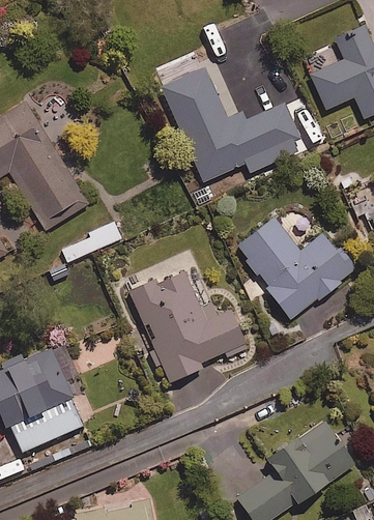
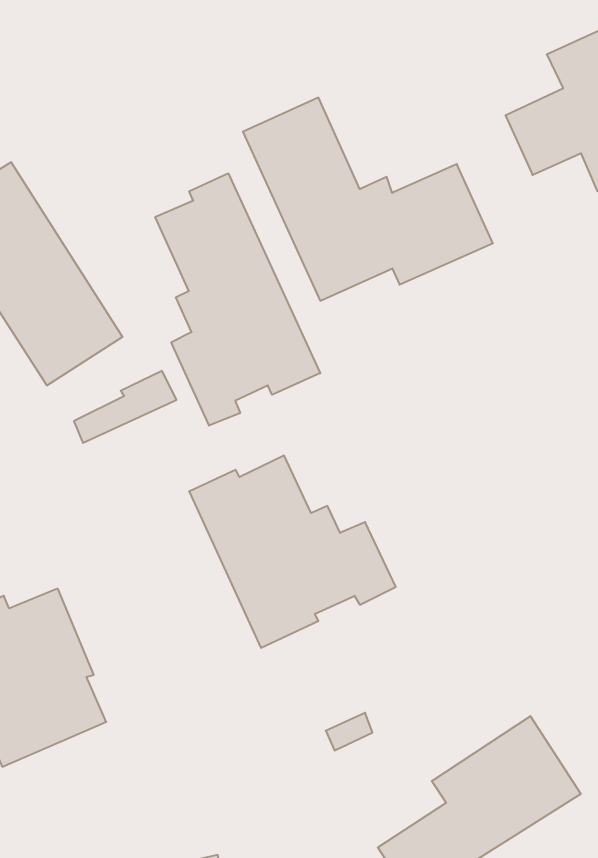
building: none -> [155,173,320,426]
building: [236,216,355,318] -> none

